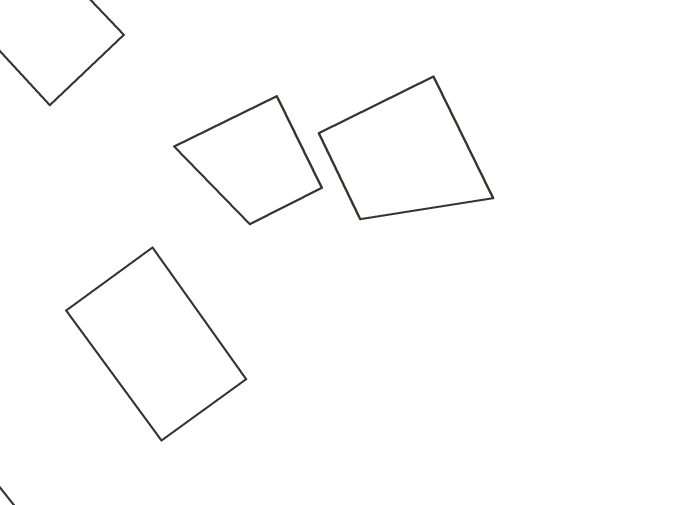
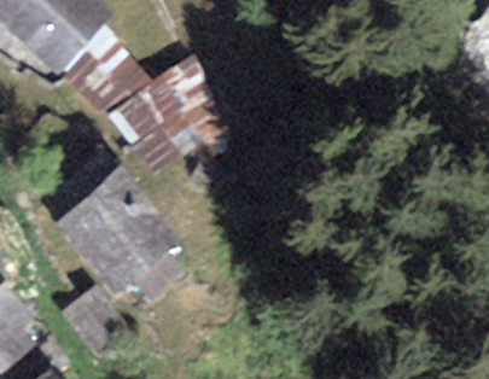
building: [319,77,493,219] -> none

